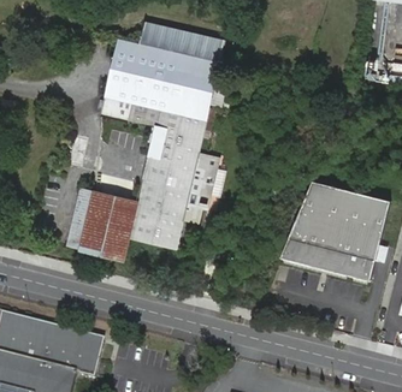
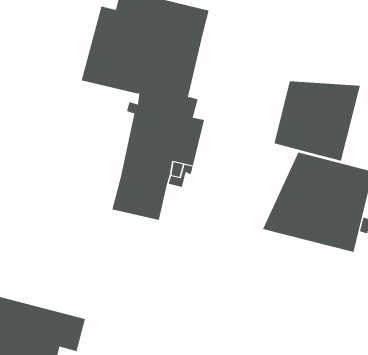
building: none -> [274,81,360,162]
building: [65,189,138,259] -> none

